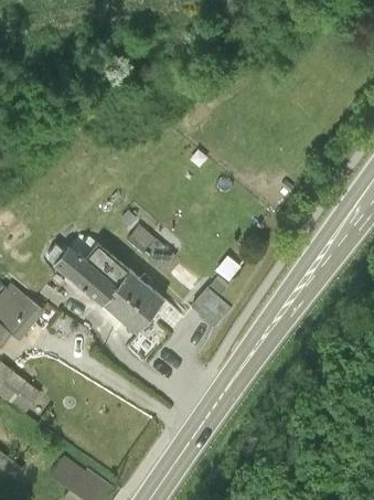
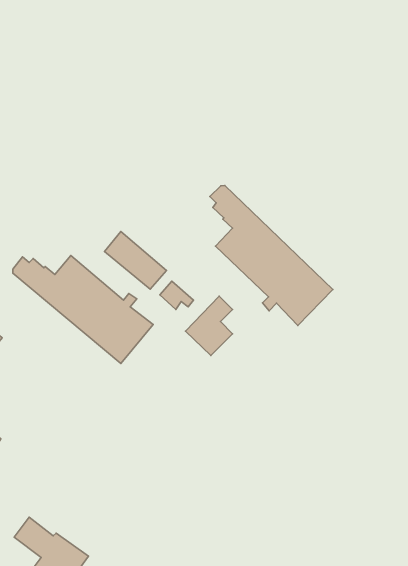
building: none -> [210,186,333,326]

